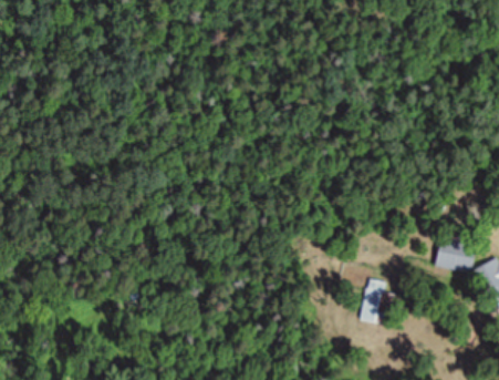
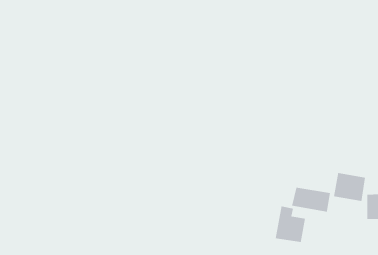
building: none -> [292,187,331,212]

